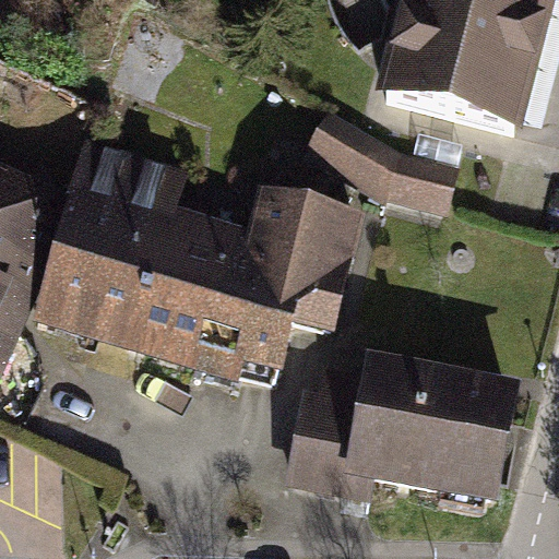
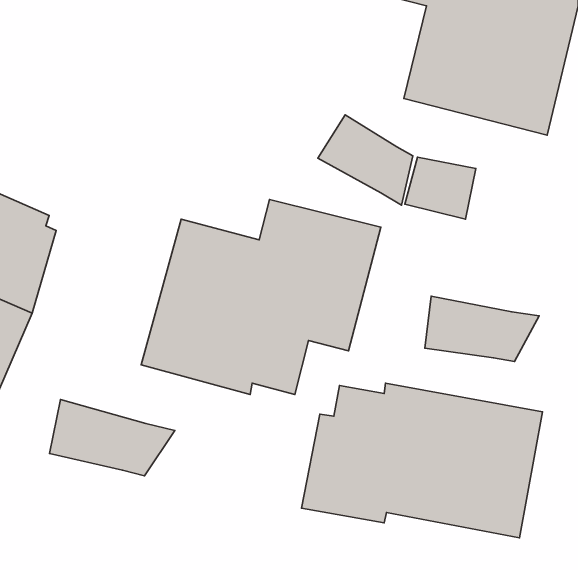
building: [38,139,183,347] -> none
building: none -> [425,296,539,362]
building: none -> [49,400,175,476]

